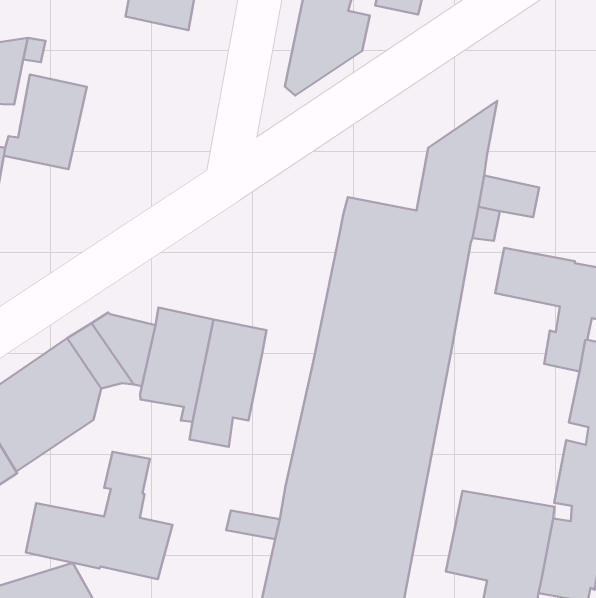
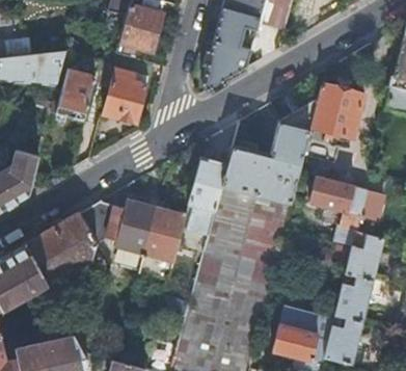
building: none -> [104,69,148,125]
building: none -> [308,84,362,139]
building: none -> [182,157,227,233]
building: [26,452,172,579] -> none

